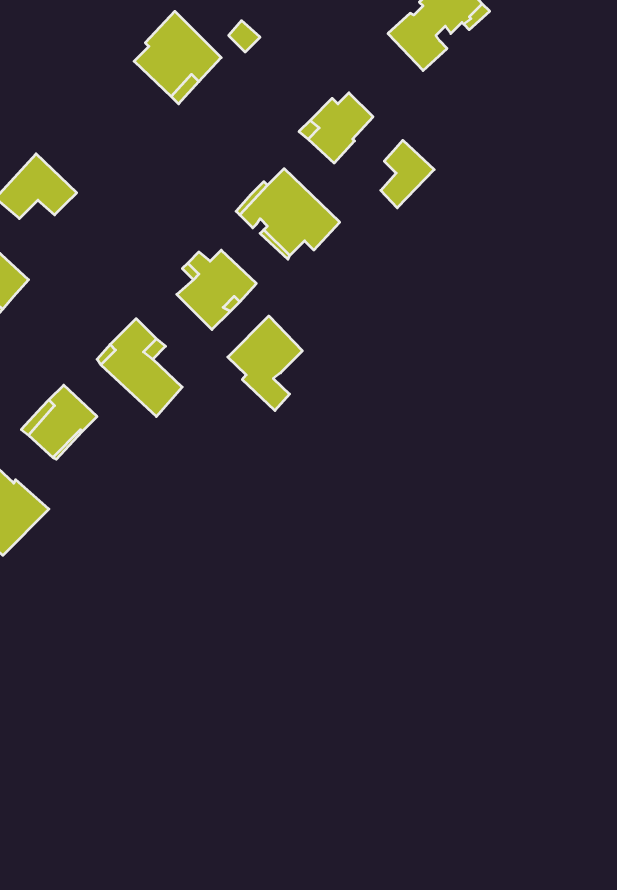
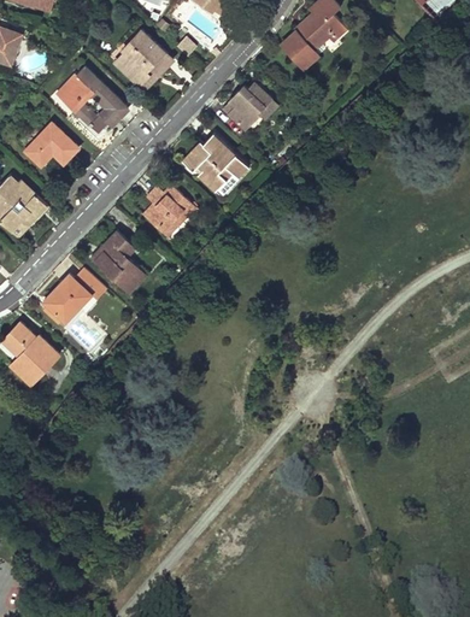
building: none -> [60,66,127,134]
building: [381,140,434,208] -> none
building: [228,316,302,411] -> none

